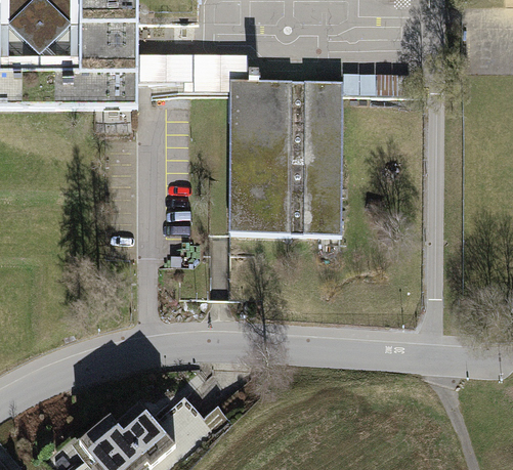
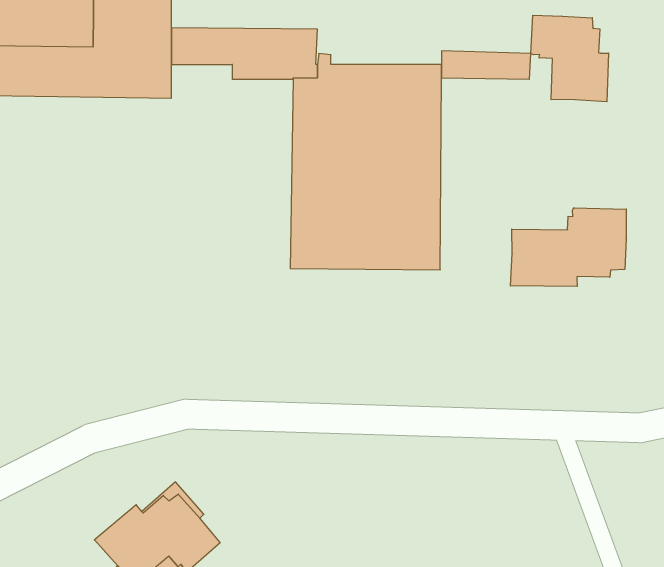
building: none -> [531,15,608,102]
building: none -> [511,208,626,286]

